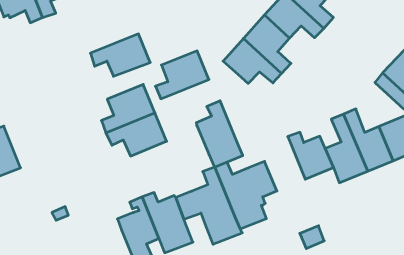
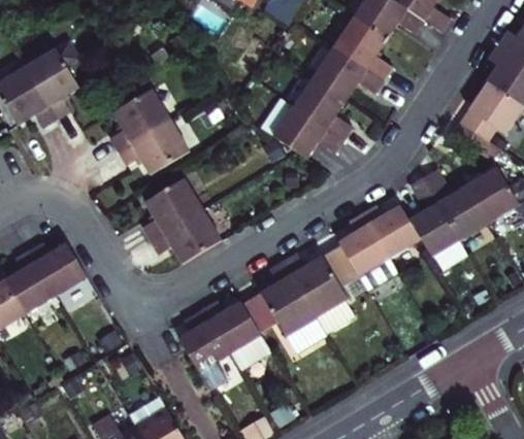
building: [155,51,209,99] -> [109,89,170,150]
building: [196,101,243,167] -> [338,212,398,291]
building: none -> [30,242,88,296]

